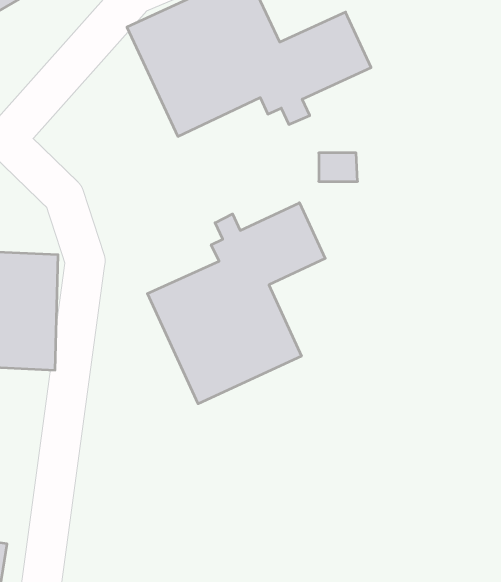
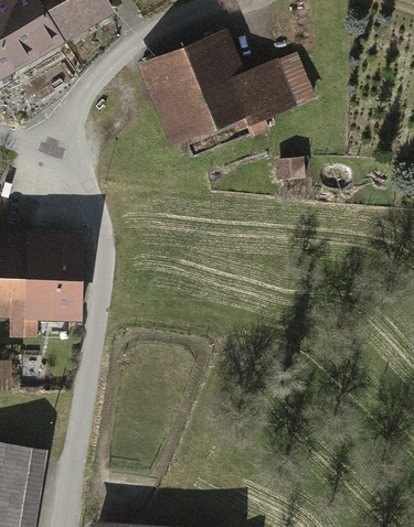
building: [147,203,325,404] -> none

